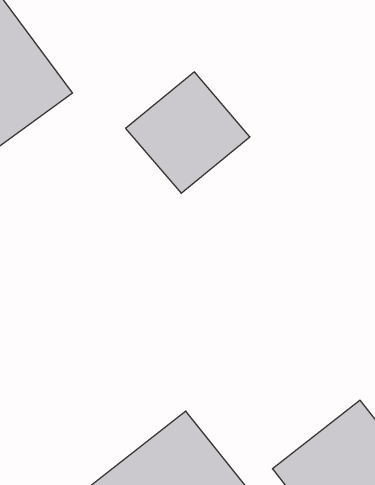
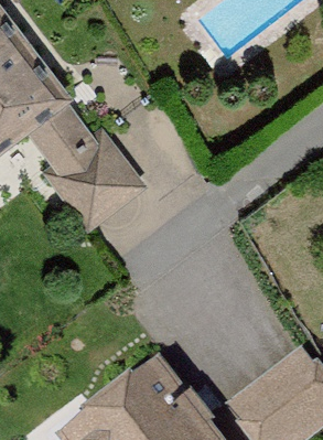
building: [126,72,250,193] -> [46,130,148,229]

